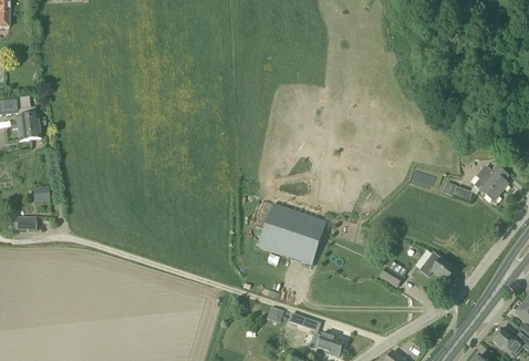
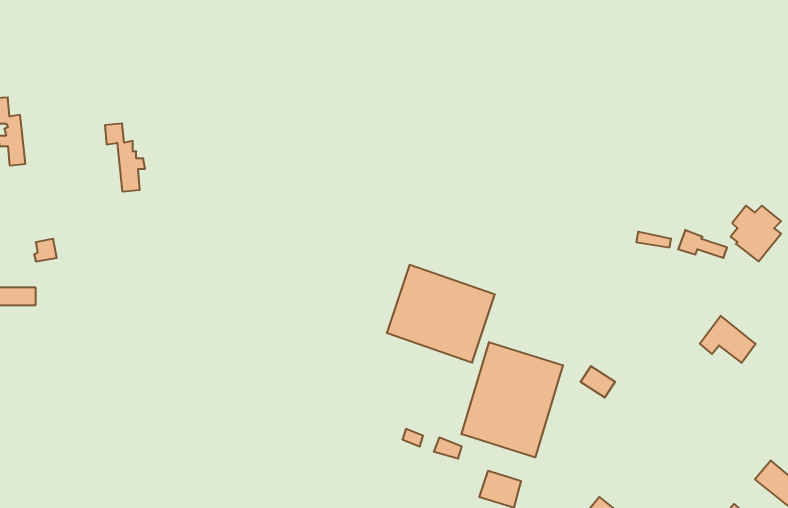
building: [18,95,43,138] -> [105,124,145,192]
building: [419,251,455,281] -> [700,316,756,363]
building: none -> [461,342,563,457]

